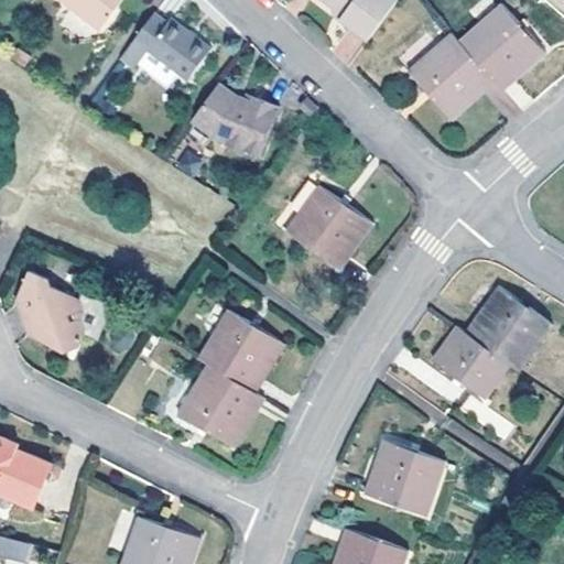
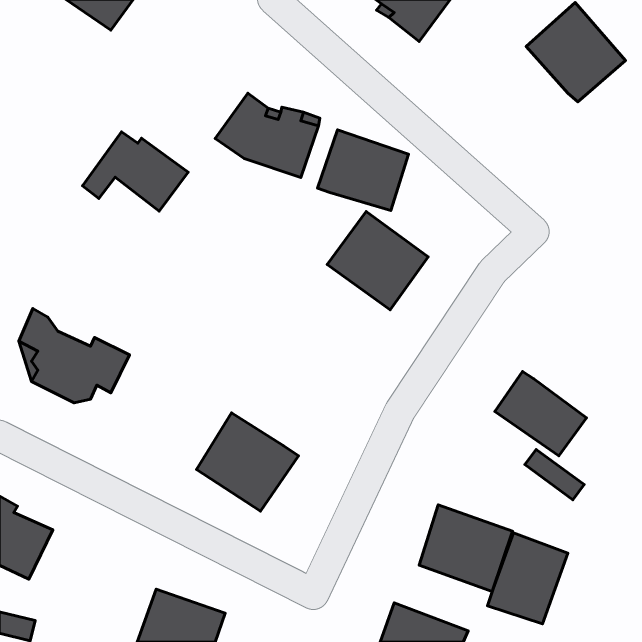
building: [118,13,210,83] -> [82,132,188,211]
building: [408,30,497,121] -> none
building: none -> [318,130,408,210]
building: [467,286,553,371] -> none
building: [193,306,280,390] -> none
building: none -> [487,533,568,624]

